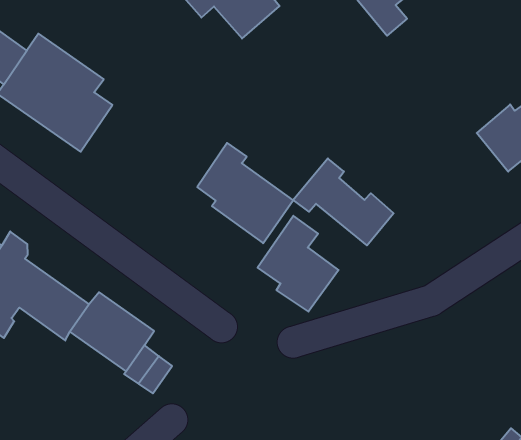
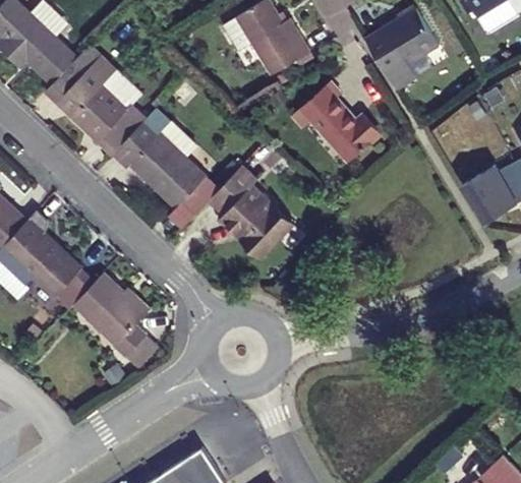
building: none -> [112,107,219,219]
building: [293,158,394,245] -> [287,86,372,167]
building: [258,216,339,312] -> none

